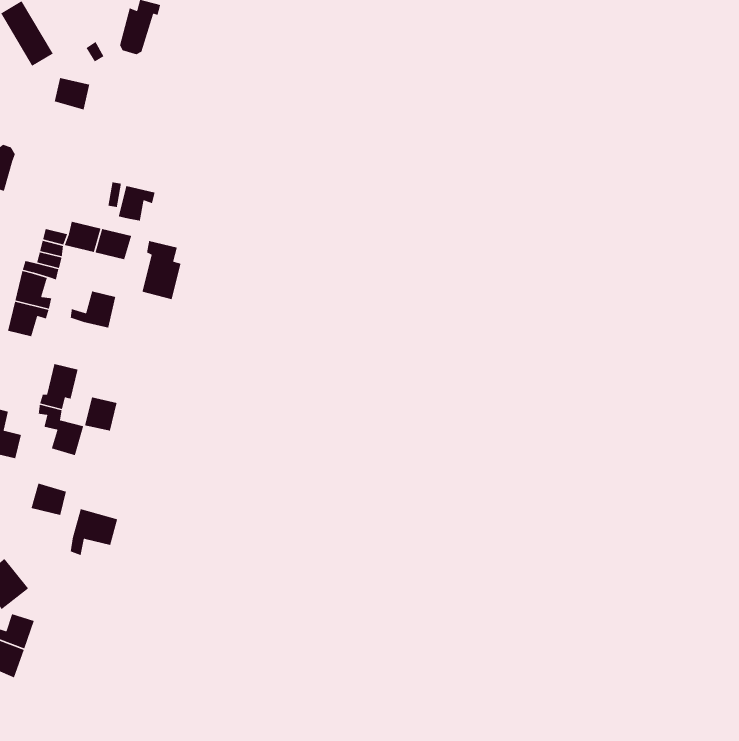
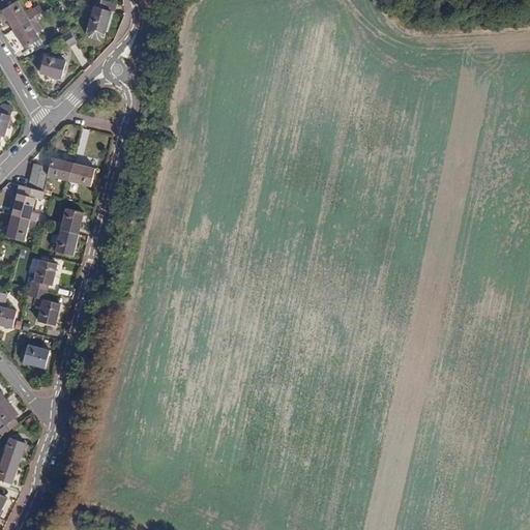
building: [118,185,155,221] -> none
building: [142,240,182,300] -> none
building: [84,397,118,432] -> [54,230,78,255]
building: [70,508,118,556] -> none

